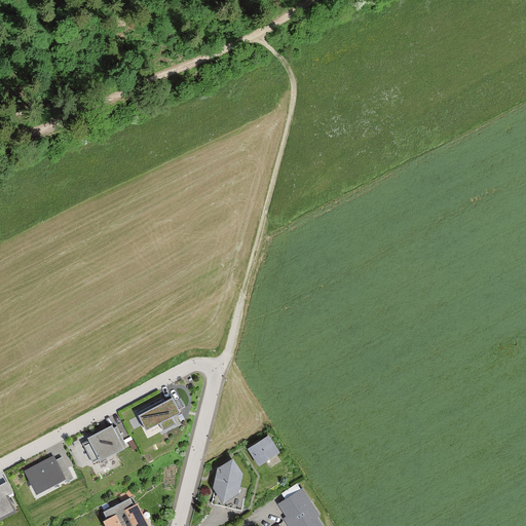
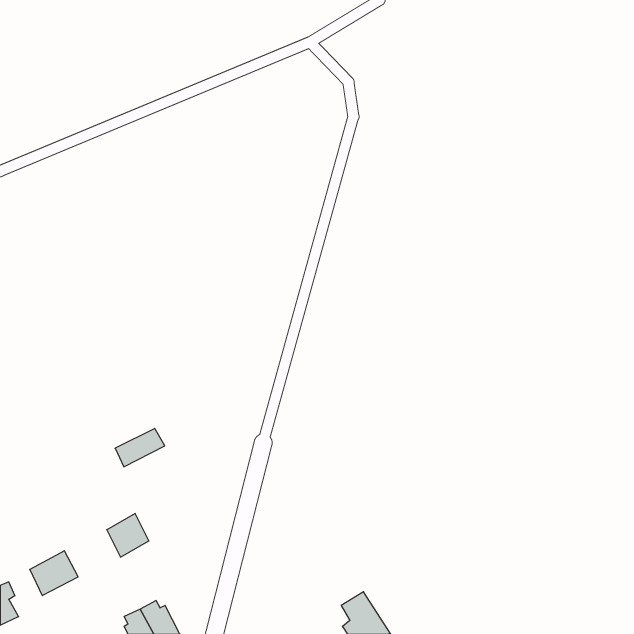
building: [139,399,180,430] -> [115,428,165,467]
building: [249,435,278,463] -> none
building: [214,456,241,500] -> none

